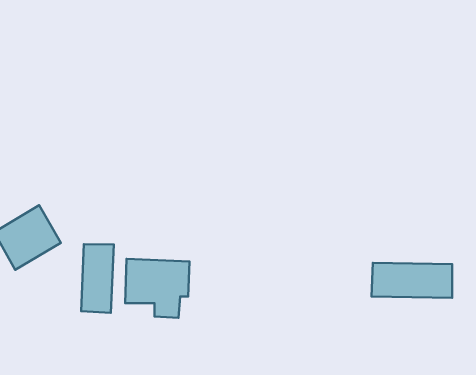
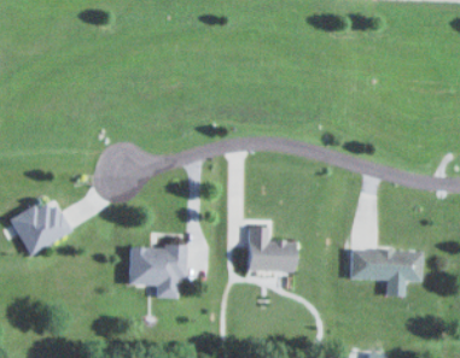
building: none -> [248,228,293,272]
building: [81,244,114,313] -> none

